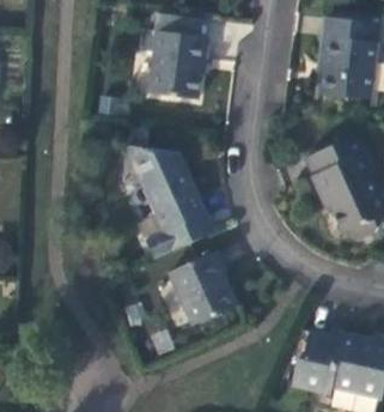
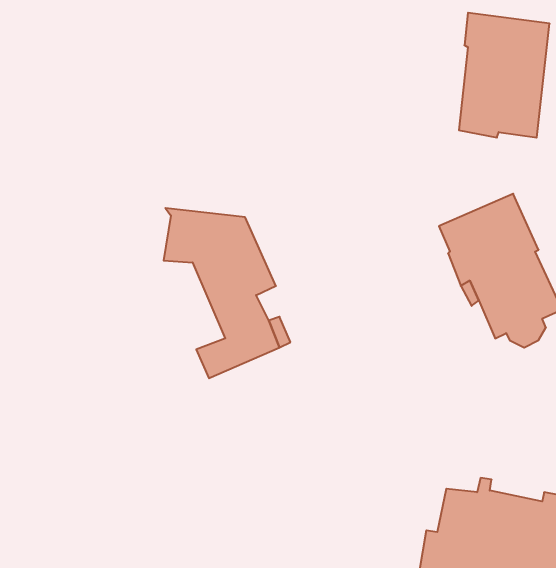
building: [146,29,208,98] -> none
building: [167,250,236,323] -> none

